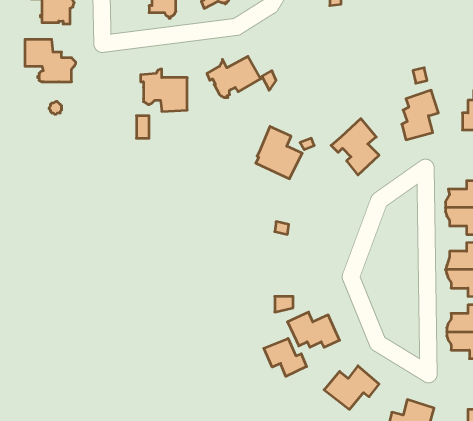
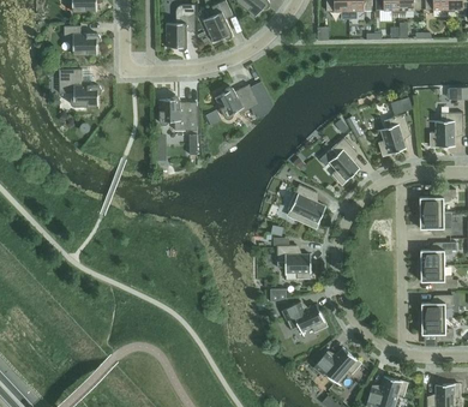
building: [256,126,302,179] -> [287,184,326,228]
building: none -> [277,245,311,279]
building: [264,338,307,376] -> none

